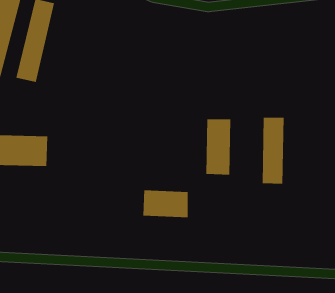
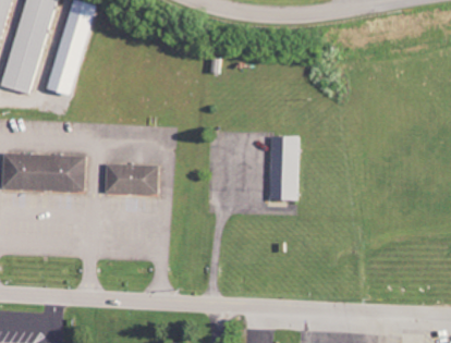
building: [262,117,284,185] -> none
building: [143,190,189,218] -> [106,163,158,195]

